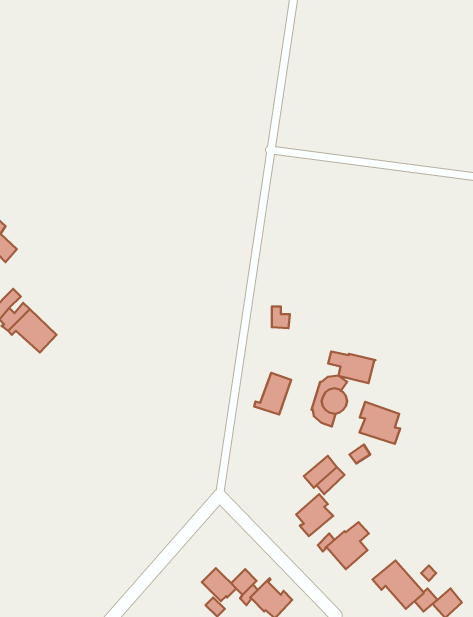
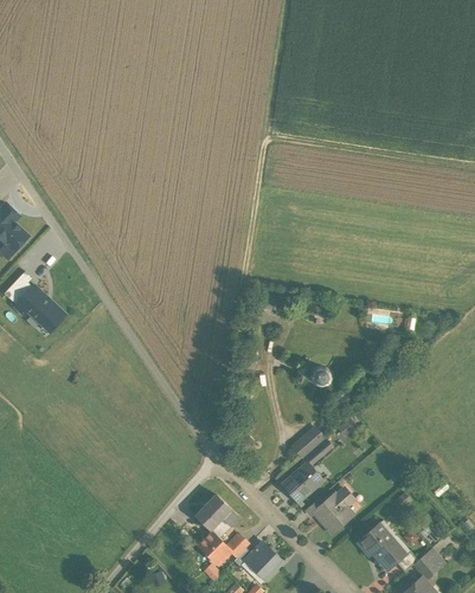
building: [328,351,375,383] -> none
building: [254,373,291,414] -> none
building: [359,402,400,444] -> none
building: none -> [195,494,240,539]

